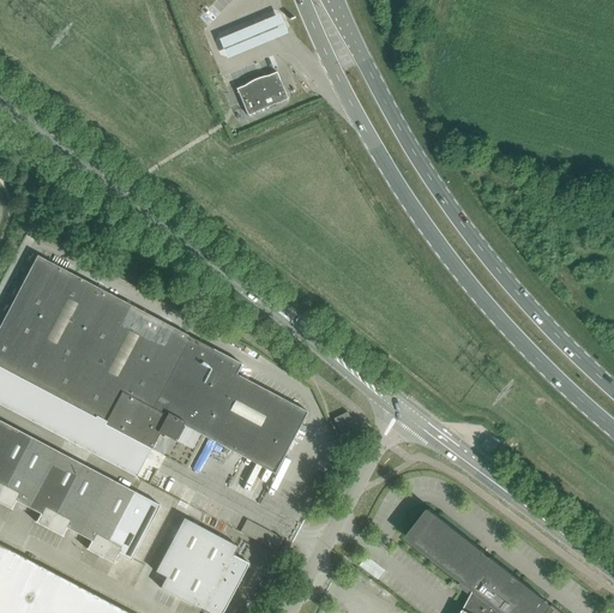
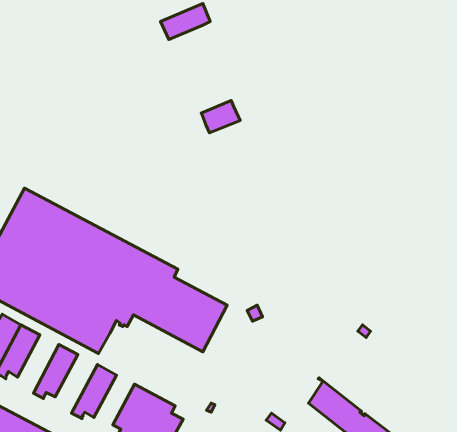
building: [236,72,288,115] -> [201,101,240,133]
building: [28,451,83,529] -> none
building: [78,477,134,555] -> none

